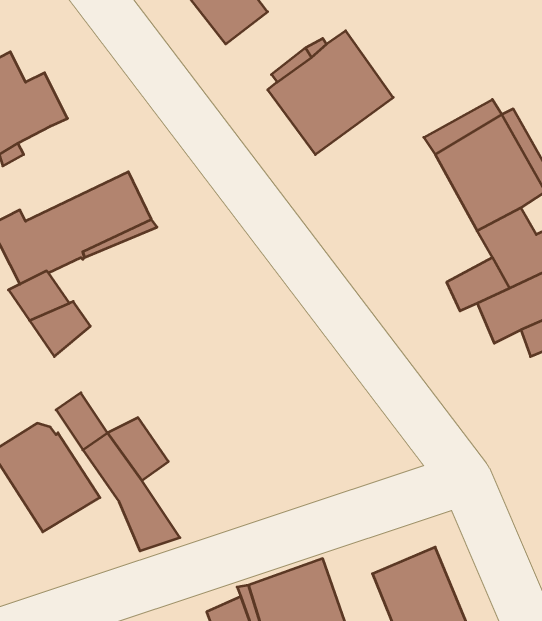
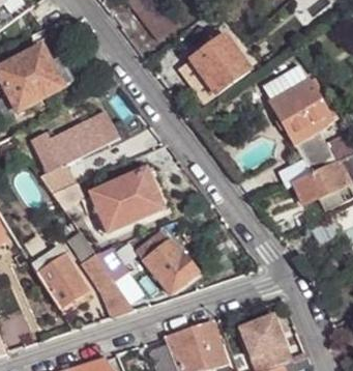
building: none -> [91,169,160,230]
building: none -> [137,229,197,292]

